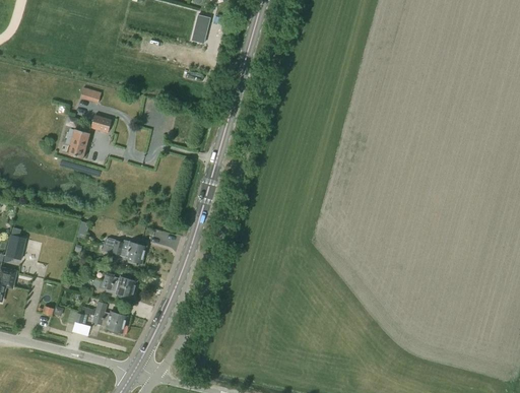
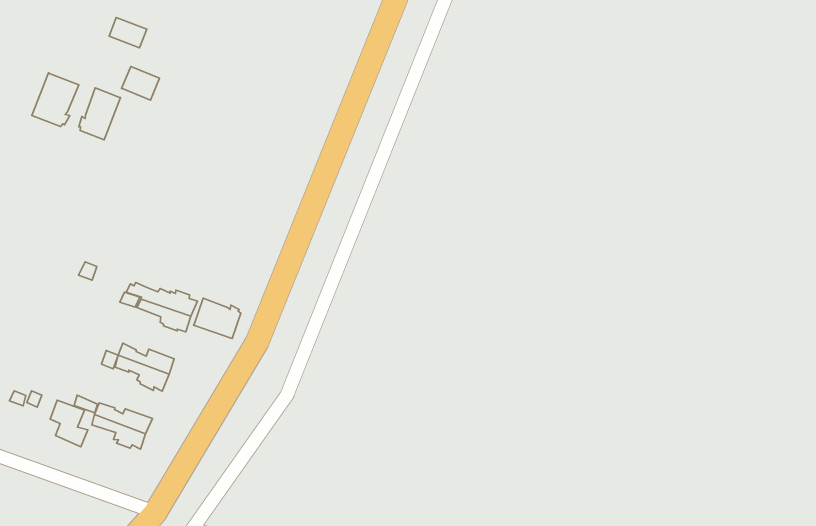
building: none -> [32,73,79,127]
building: none -> [194,298,241,339]

